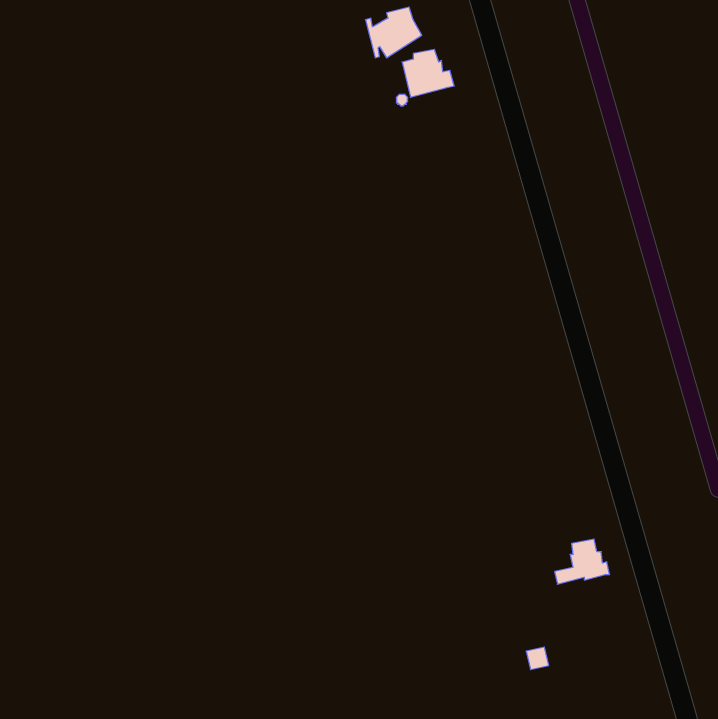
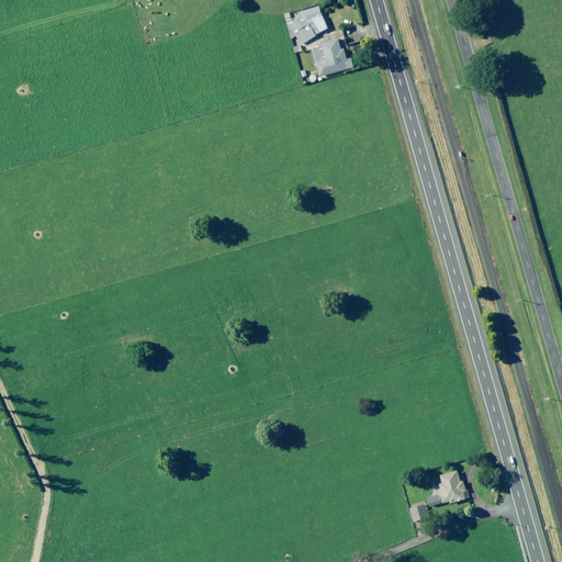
building: [555,539,610,584] -> [427,471,470,506]

